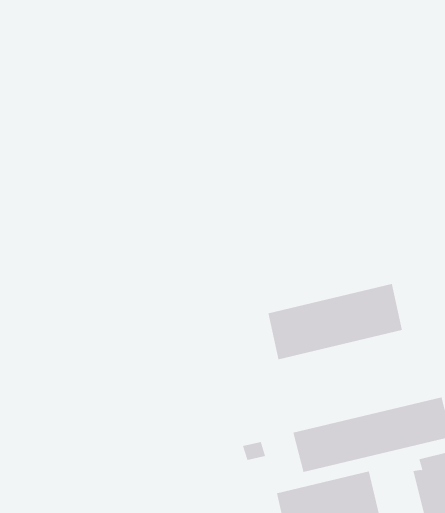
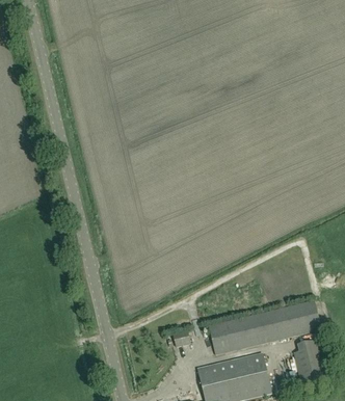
building: [268,283,403,360] -> none

